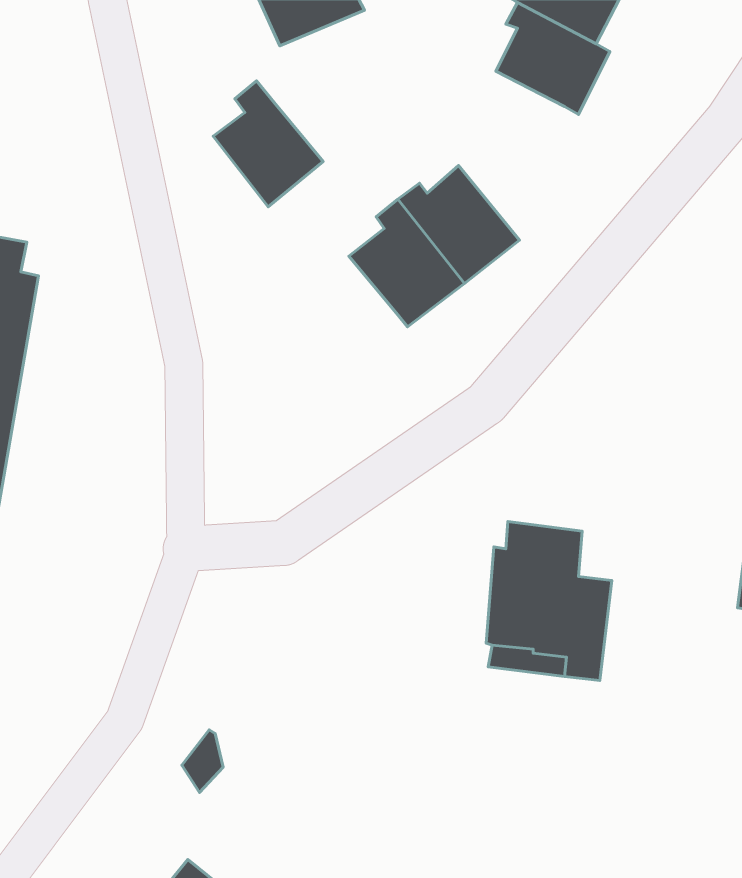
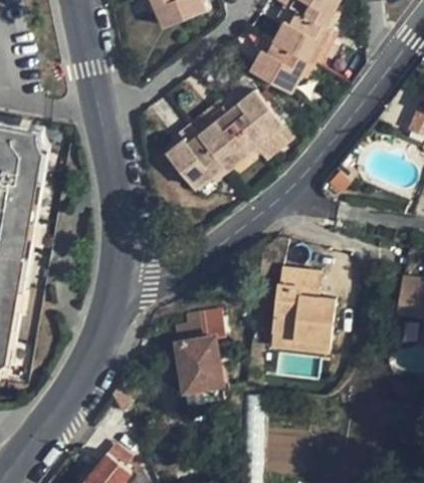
building: none -> [251,35,308,91]
building: [213,81,323,207] -> [167,125,223,189]
building: none -> [176,312,225,391]

